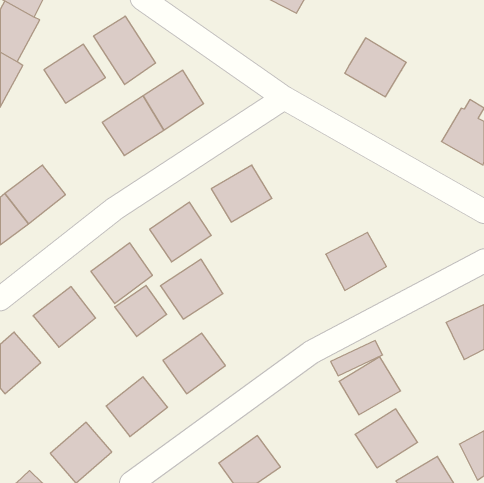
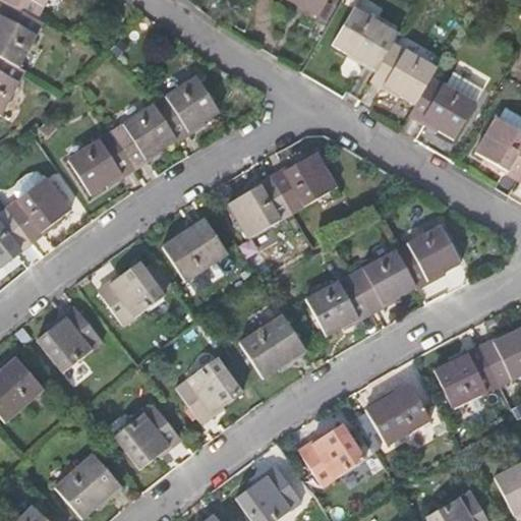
building: none -> [332,7,398,69]
building: [94,16,156,85] -> none
building: [44,44,105,103] -> [67,131,133,194]
building: none -> [409,71,483,138]
building: none -> [271,152,336,213]
building: none -> [395,225,460,286]
building: none -> [305,273,370,336]
building: [160,259,223,319] -> [238,313,305,378]
building: [115,285,167,337] -> none
building: none -> [433,346,499,408]
building: [355,409,418,468] -> [298,423,365,486]

